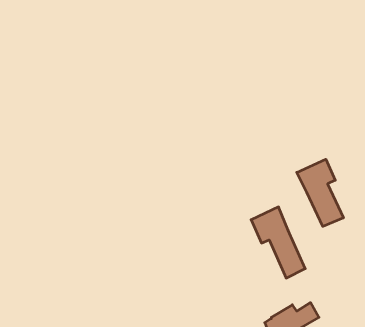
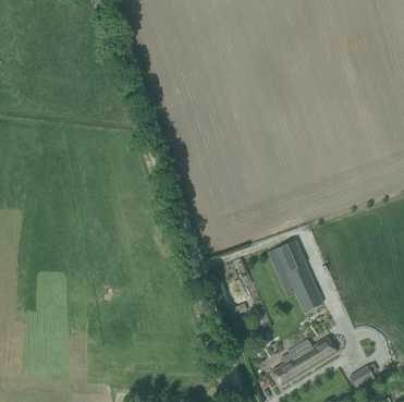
building: [297,159,343,226] -> none

